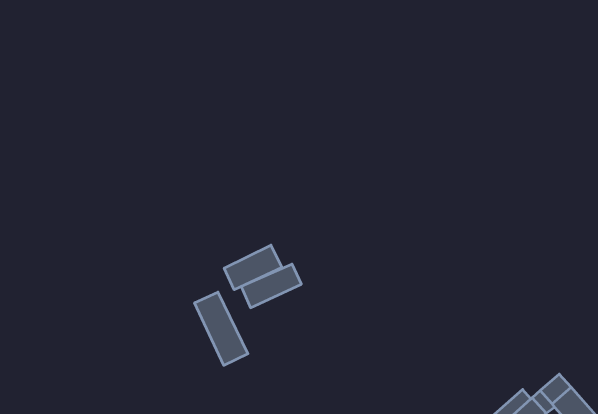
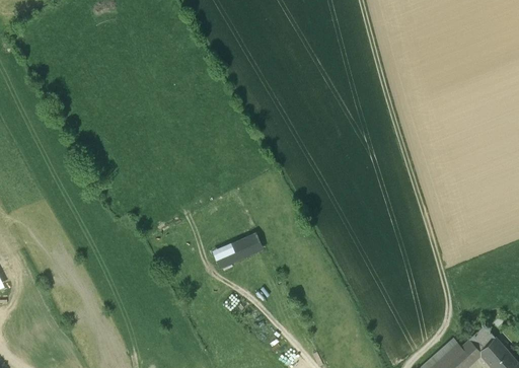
building: [224,245,282,290] -> none
building: [195,292,248,365] -> none

